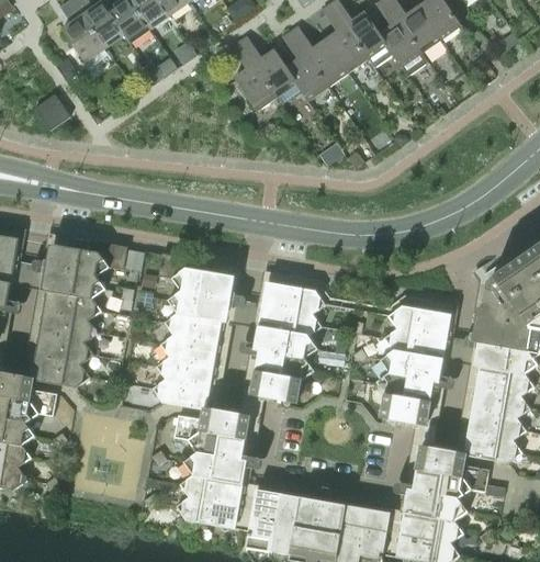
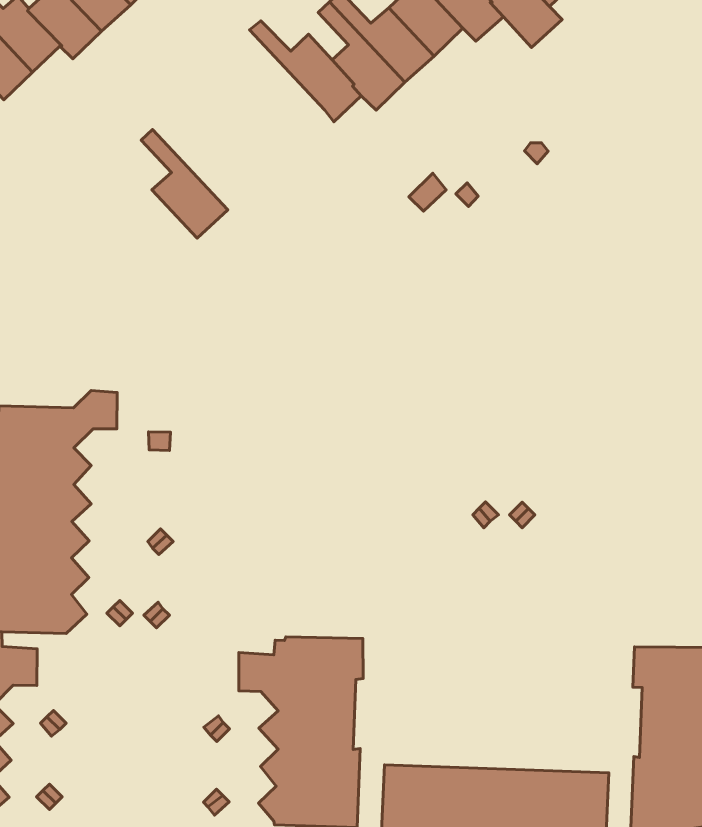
building: [229,40,275,109] -> [141,129,228,238]
building: [151,251,230,409] -> none
building: [247,281,326,402] -> none
building: [375,304,446,425] -> none

